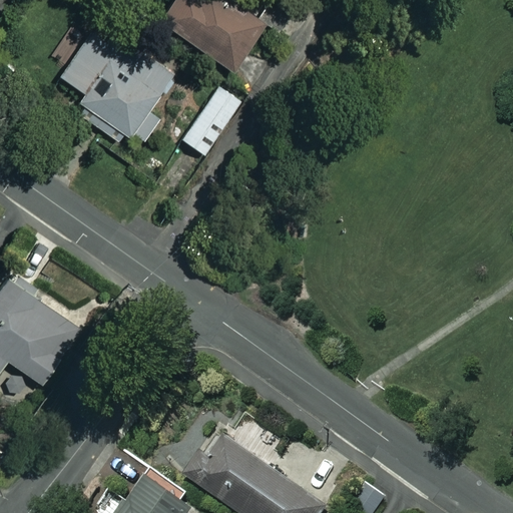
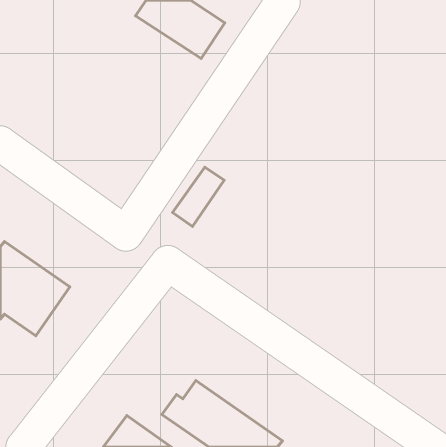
building: [58,20,172,153] -> none
building: [181,86,240,154] -> [173,167,224,227]

